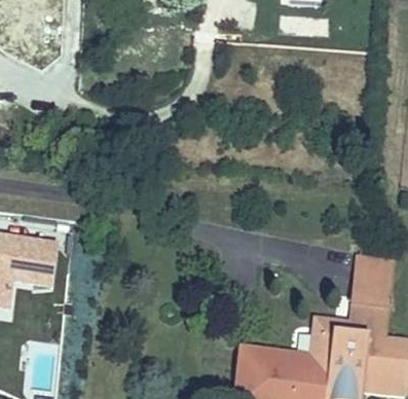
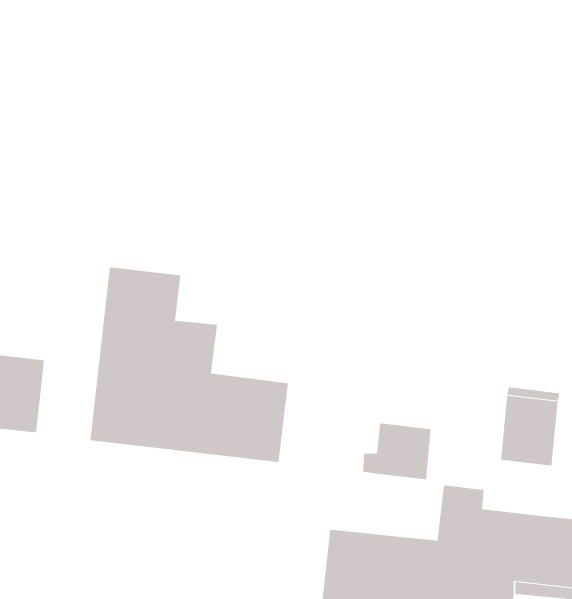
building: none -> [90,266,289,463]
building: [342,303,387,340] -> [362,423,432,480]

